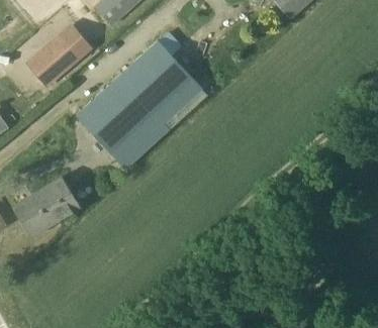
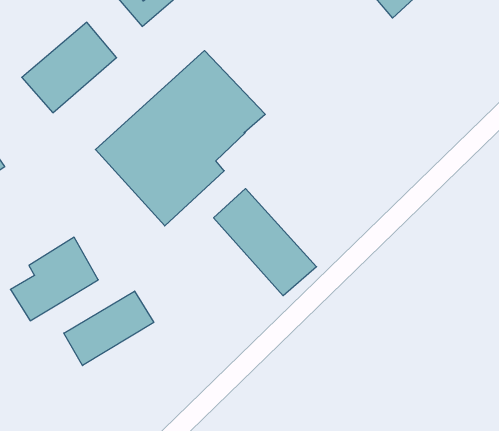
building: none -> [214,189,317,296]
building: none -> [64,291,154,366]

